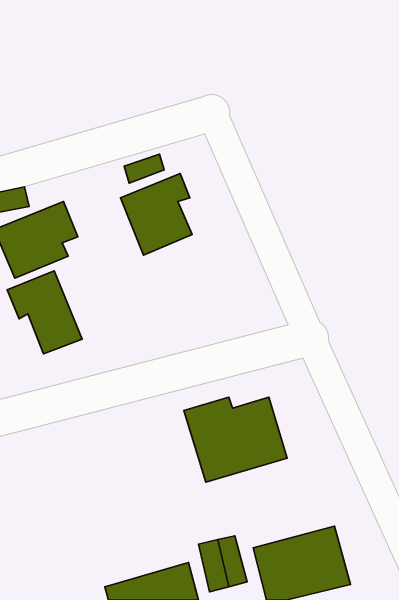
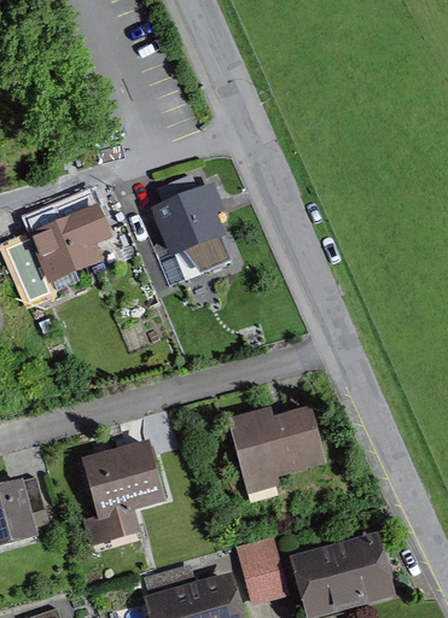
building: [7,271,82,354] -> none
building: none -> [70,439,159,540]

